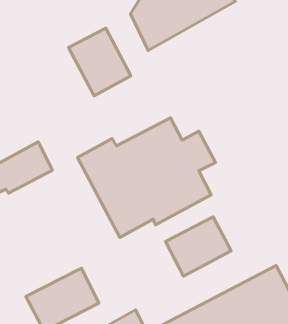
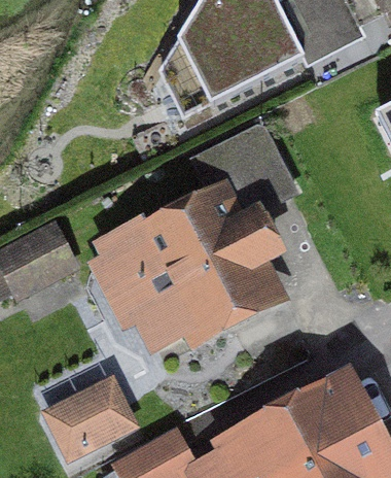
building: [68,28,131,96] -> none
building: [166,217,231,276] -> none

